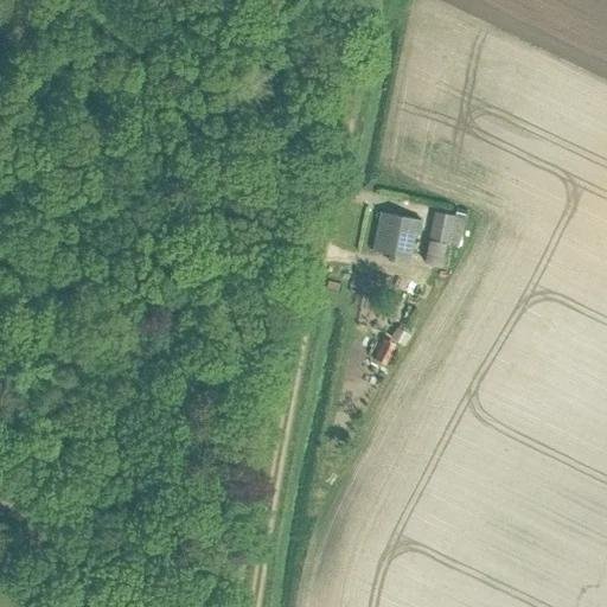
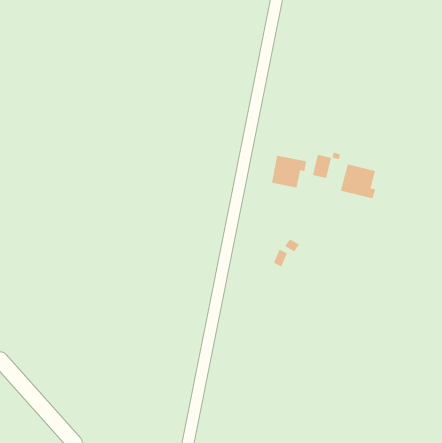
building: none -> [340,163,376,199]

